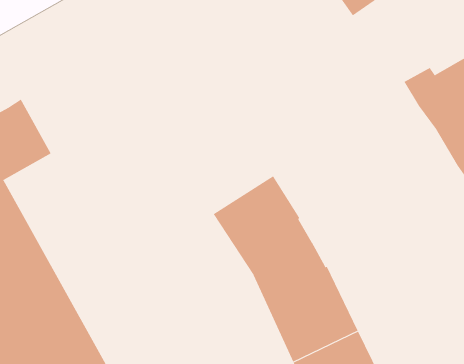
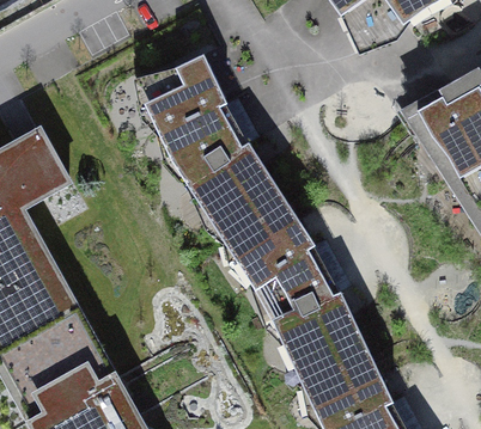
building: none -> [140,56,287,243]

